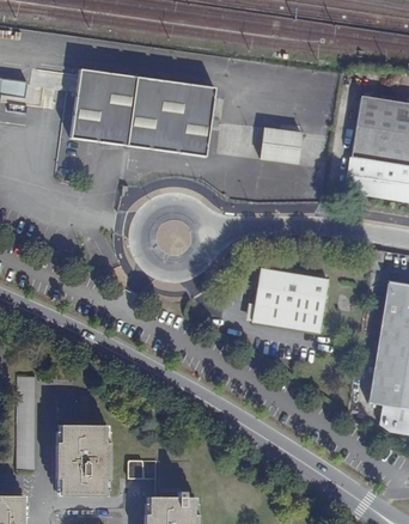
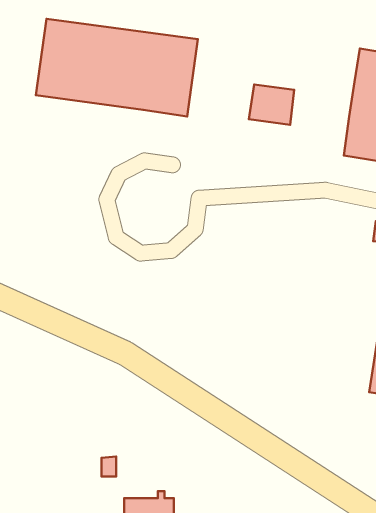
building: [251,269,328,333] -> none
building: [56,424,110,495] -> none

